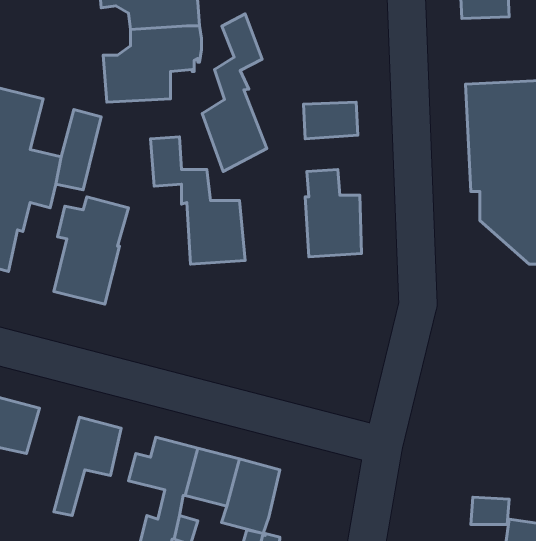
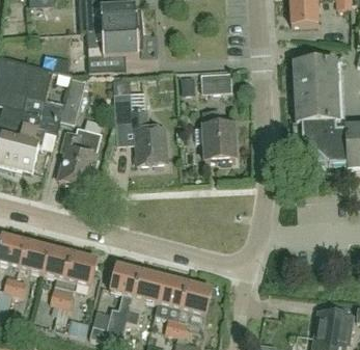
building: [202,14,267,171] -> none
building: none -> [44,247,74,315]
building: none -> [182,282,212,316]

